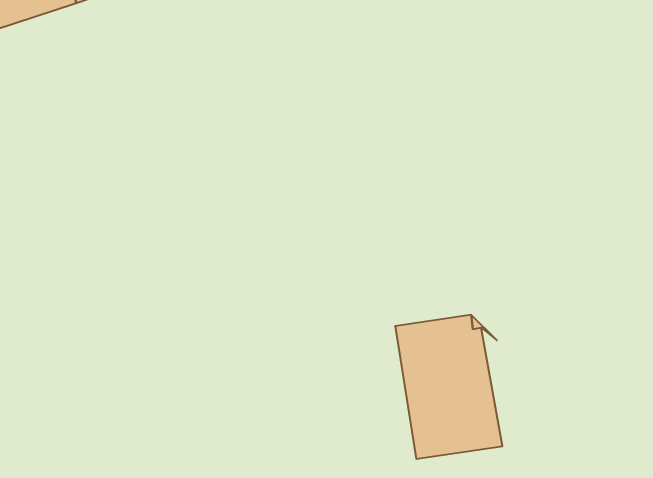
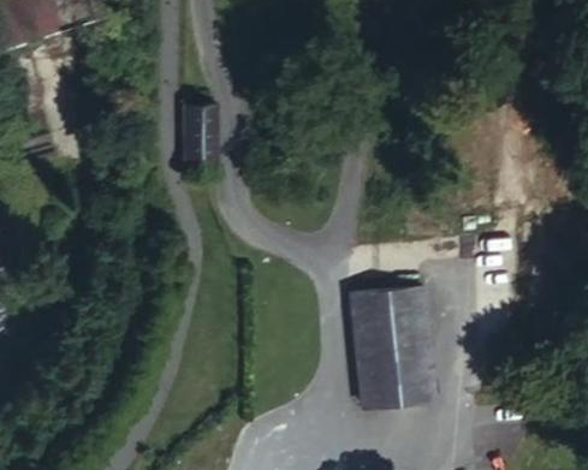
building: none -> [183,106,215,174]

